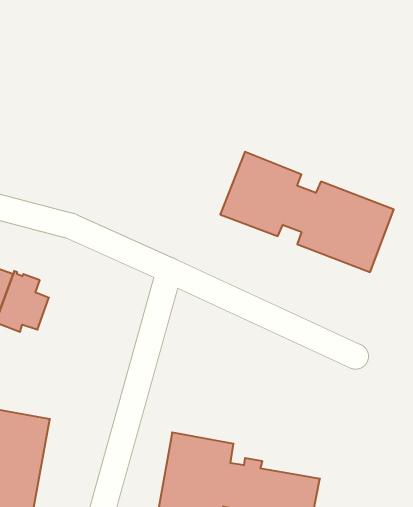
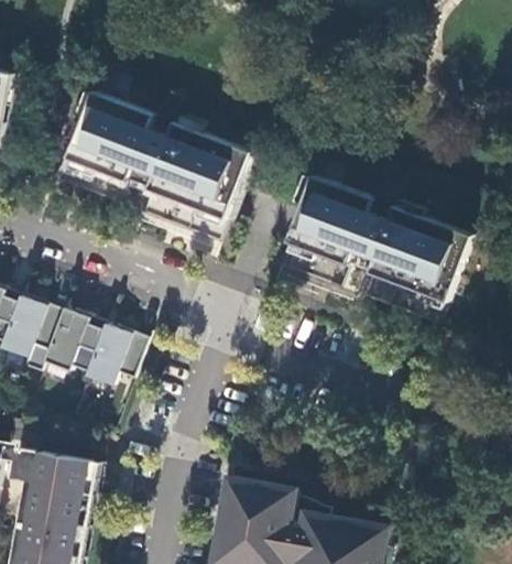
building: none -> [59,89,244,219]
building: none -> [81,319,142,382]

